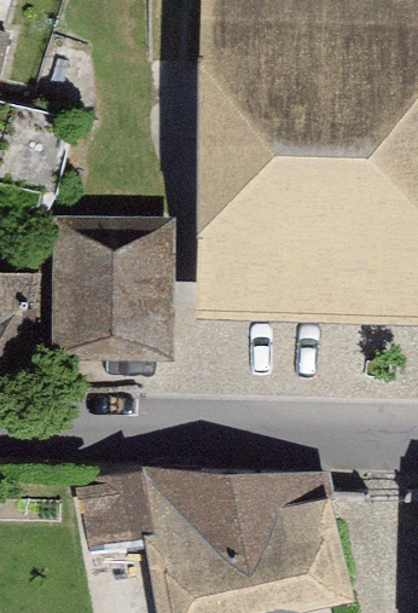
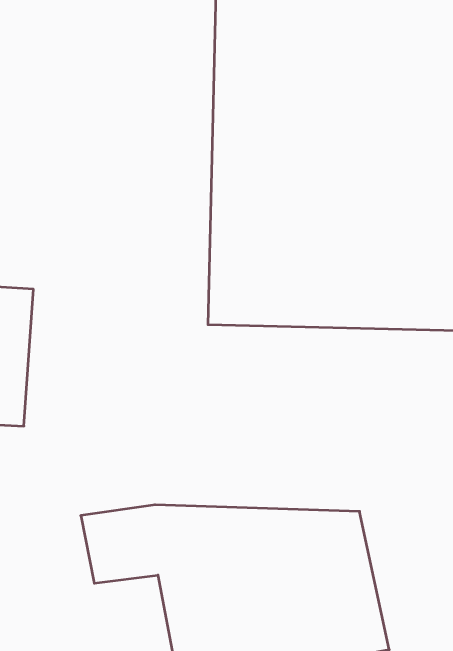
building: [54,219,172,357] -> none

